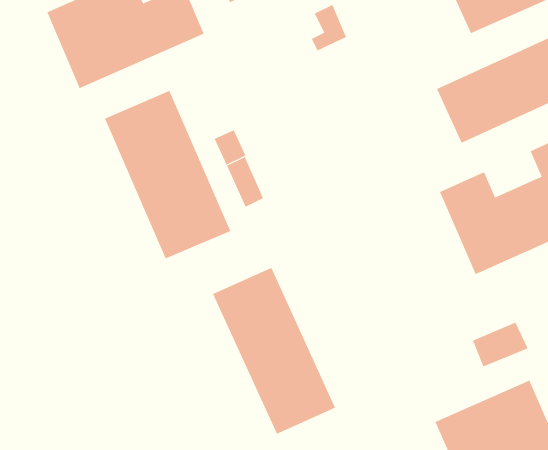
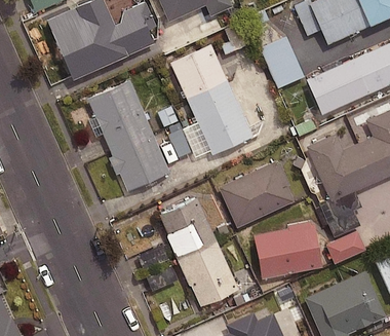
building: none -> [260,35,304,88]
building: none -> [169,44,254,157]
building: none -> [219,161,295,228]
building: none -> [254,224,323,279]

